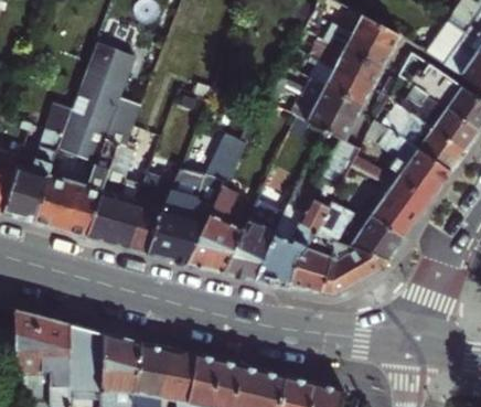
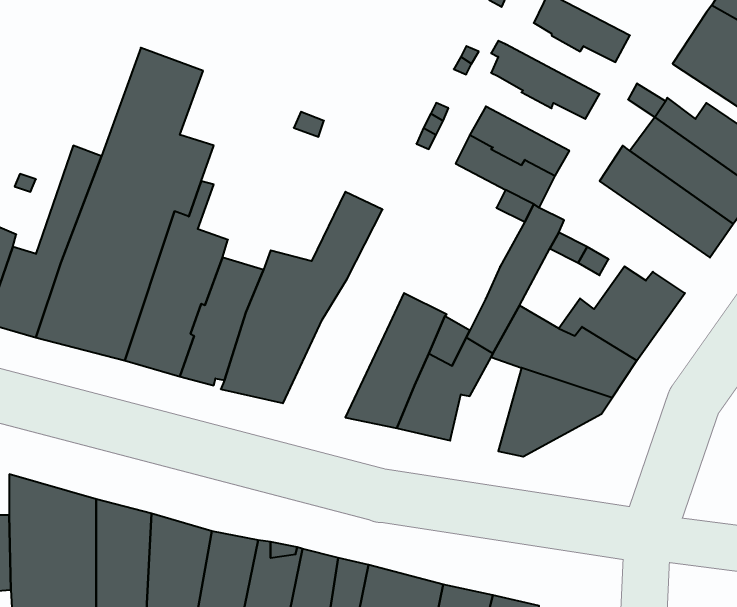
building: [323,22,392,71] -> none
building: [310,60,373,106] -> none
building: [366,120,450,194] -> none
building: [185,185,252,271] -> none
building: [289,234,333,292] -> none

